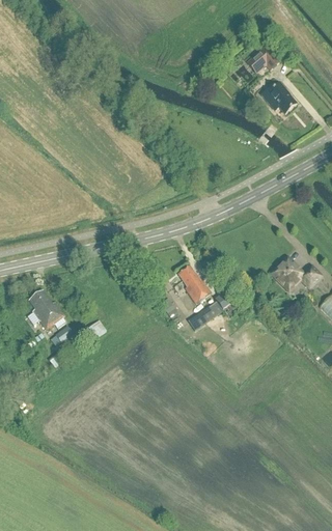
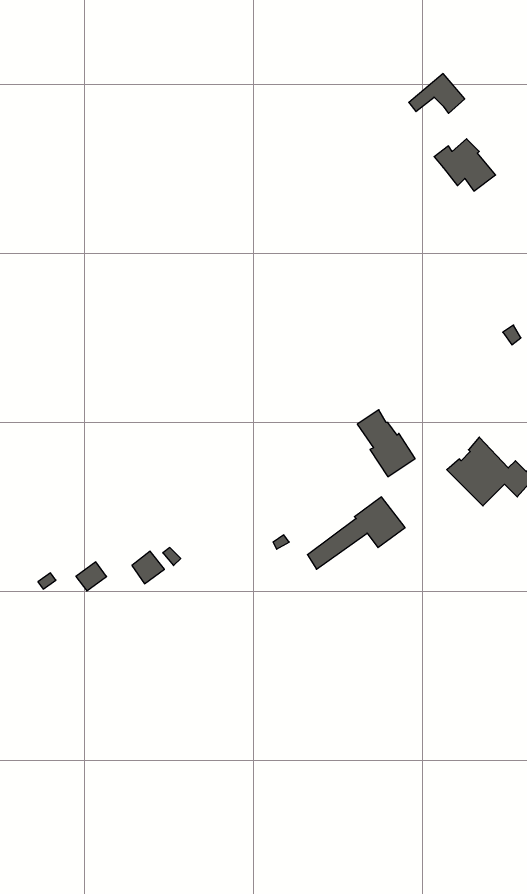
building: [178,264,212,303] -> [357,410,415,477]
building: [27,290,66,329] -> none

